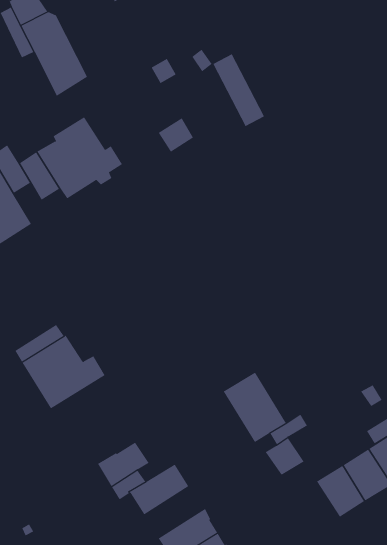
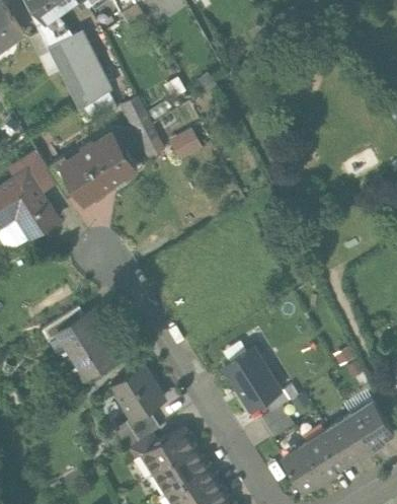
building: [212,53,265,127] -> [125,94,170,158]
building: none -> [113,368,165,420]
building: none -> [284,444,326,490]
building: none -> [156,448,210,494]

